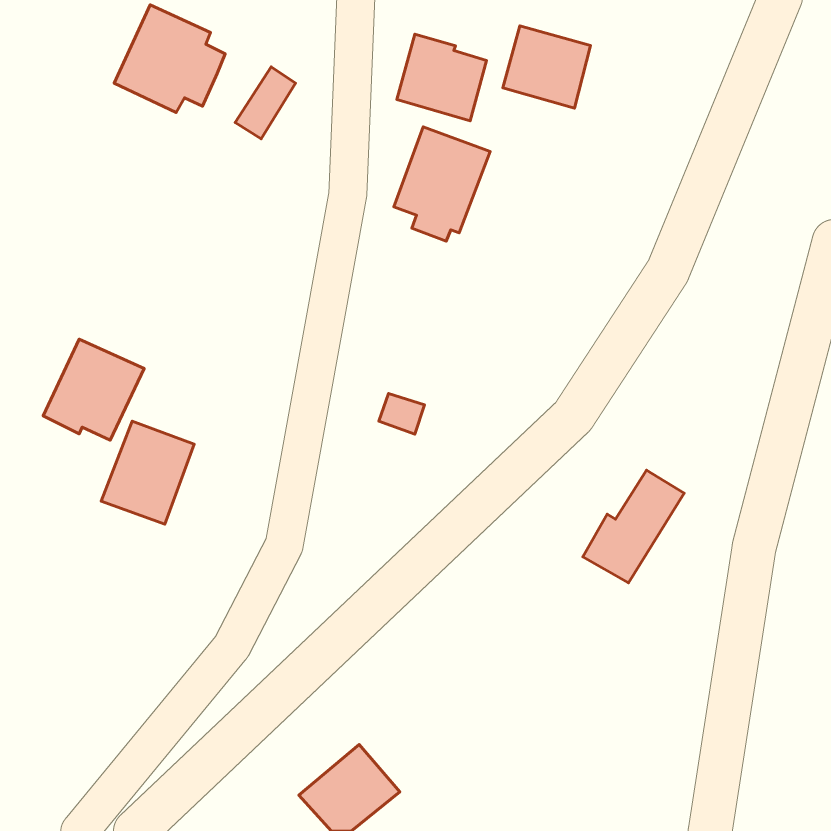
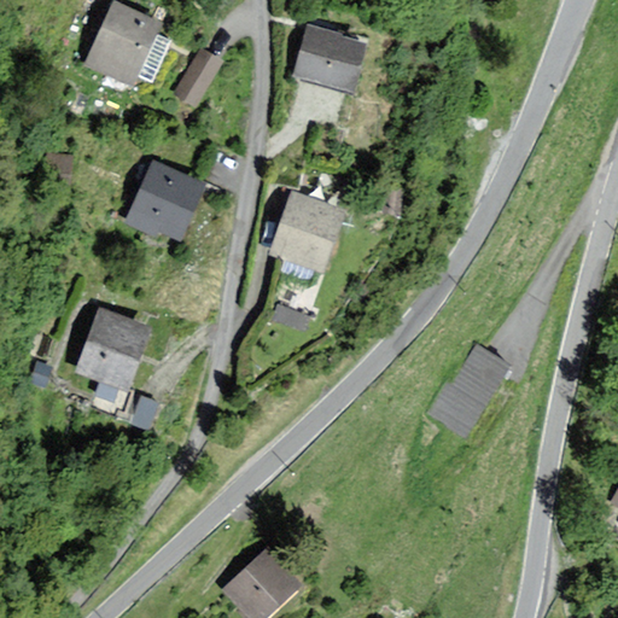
building: [503,26,590,108] -> none
building: [394,127,490,241] -> [270,193,342,278]
building: [43,339,144,440] -> [127,163,202,238]

